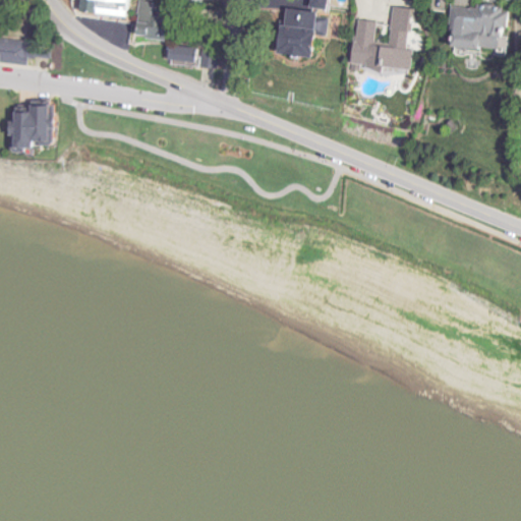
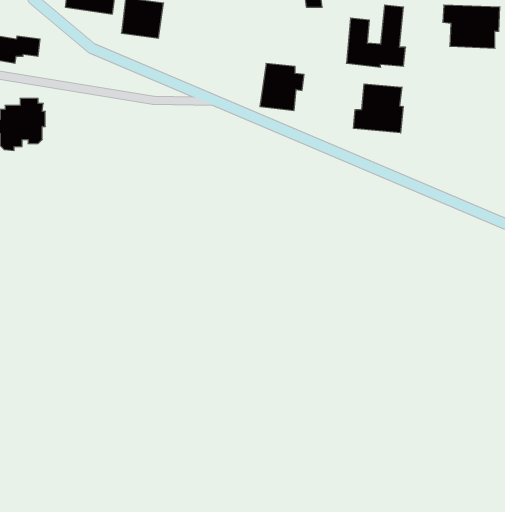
building: [281,7,326,55] -> [260,63,304,111]
building: [156,43,207,66] -> none
building: none -> [354,84,403,133]

